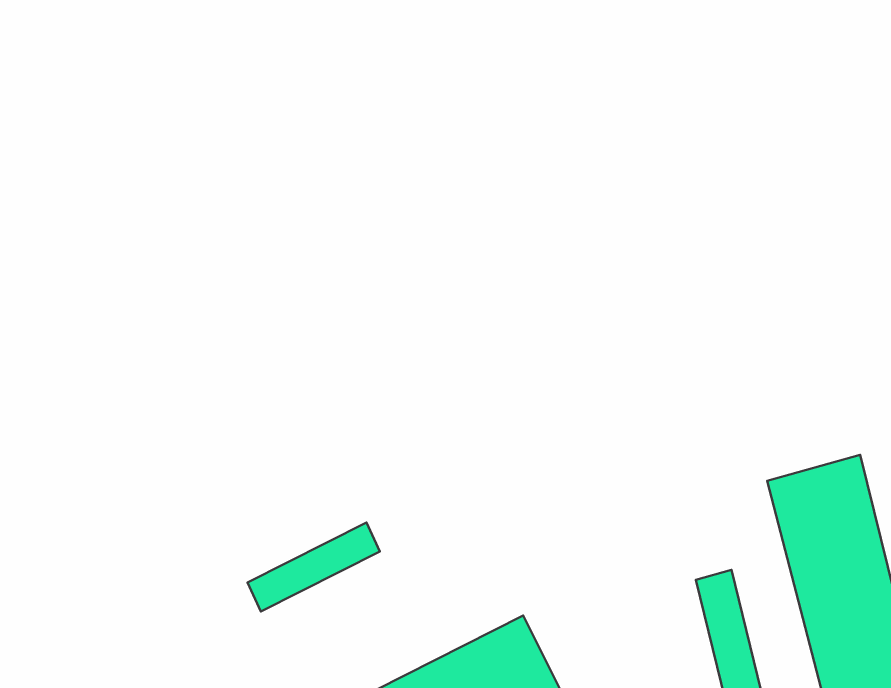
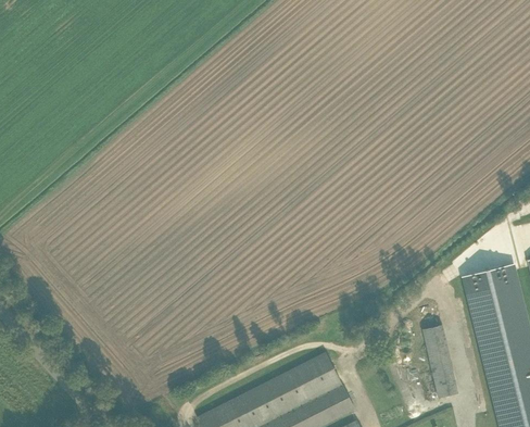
building: [248,522,380,612] -> none

